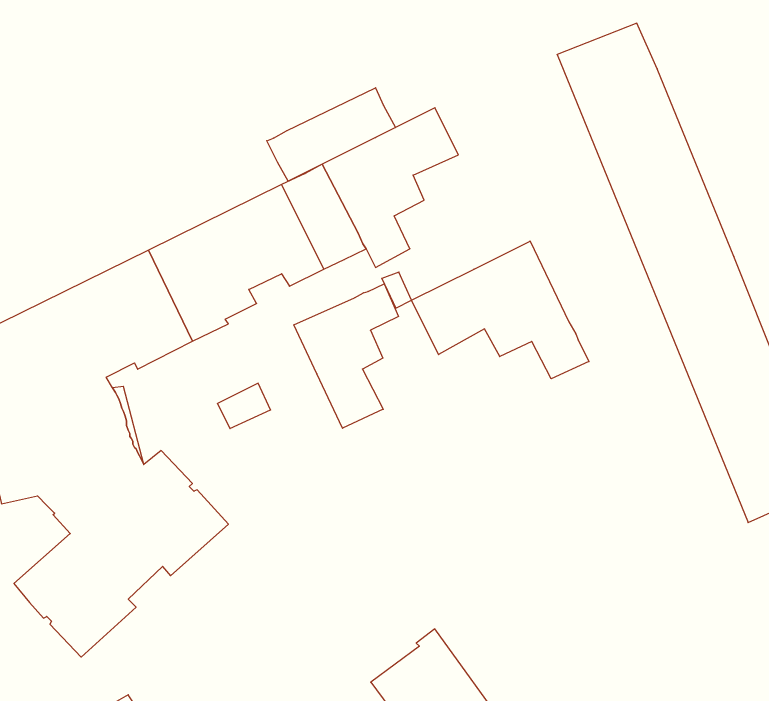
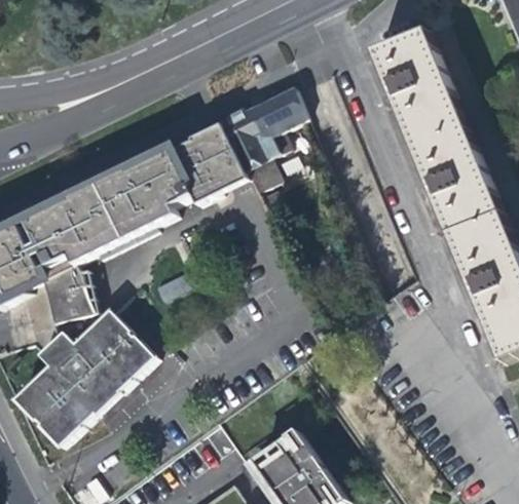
building: [267,88,395,181] -> none
building: [412,241,589,379] -> none
building: [294,284,398,428] -> none

